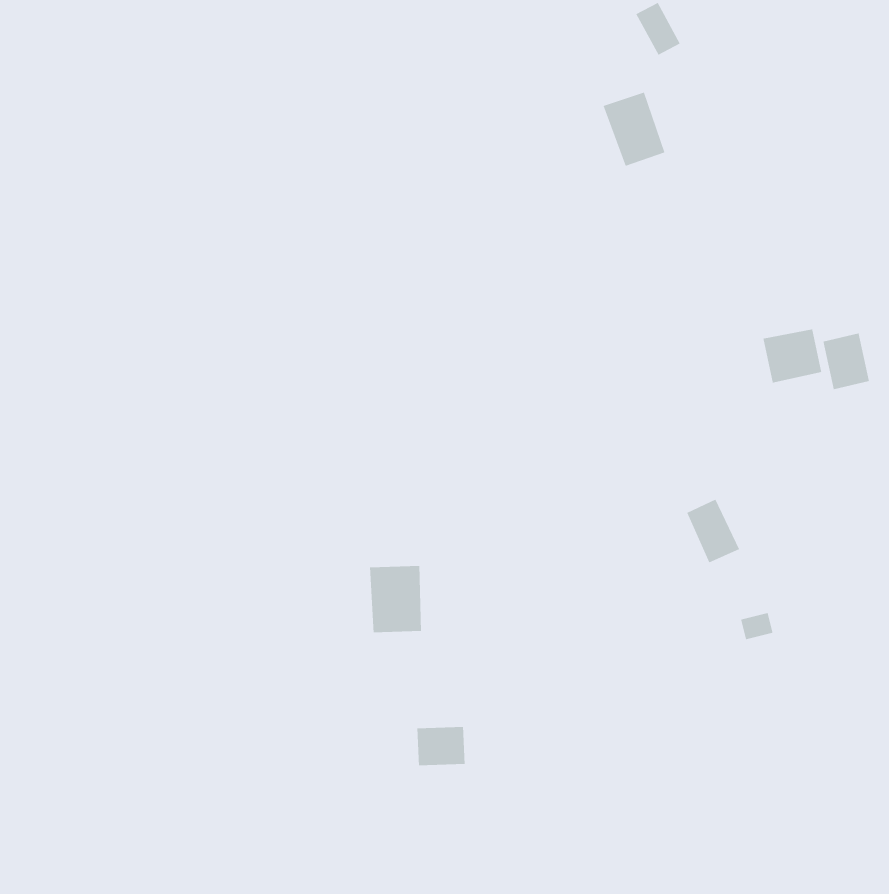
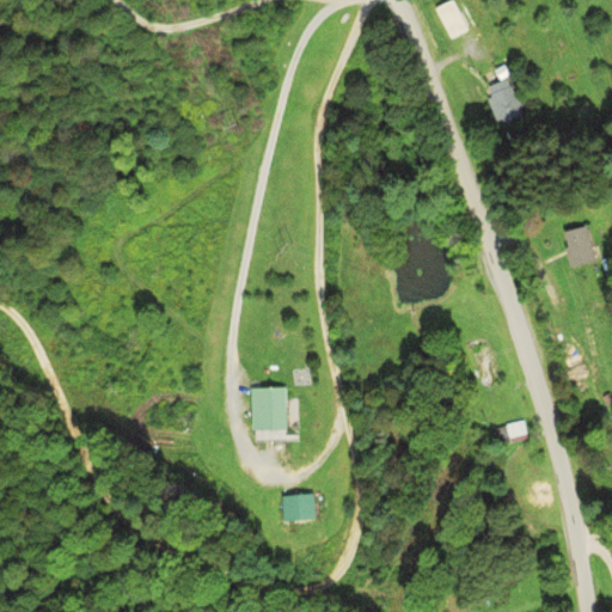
building: [602,91,665,167] -> [484,76,527,128]
building: [762,329,822,384] -> none

